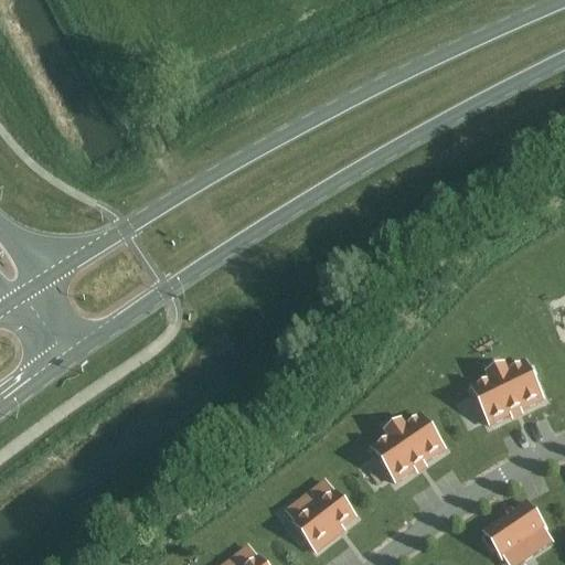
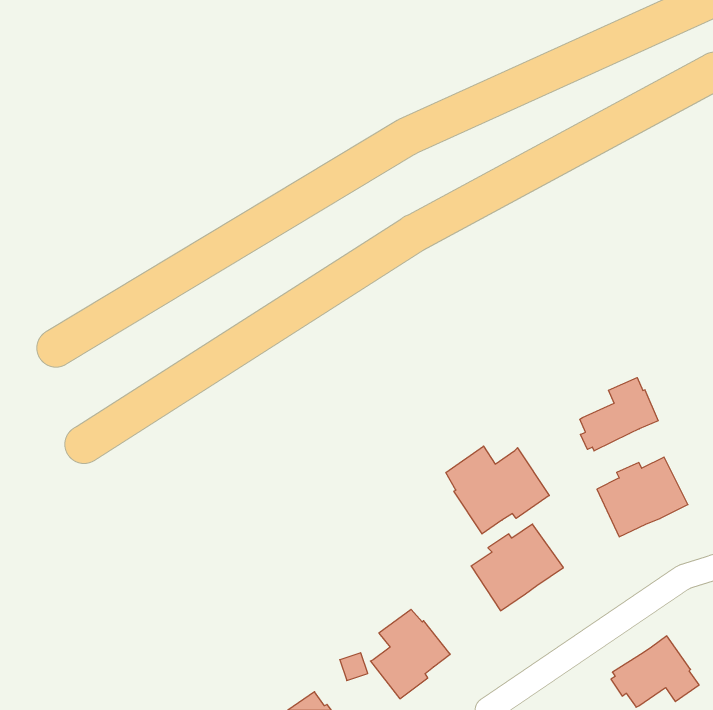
building: none -> [580,378,658,451]
building: none -> [446,446,549,534]

